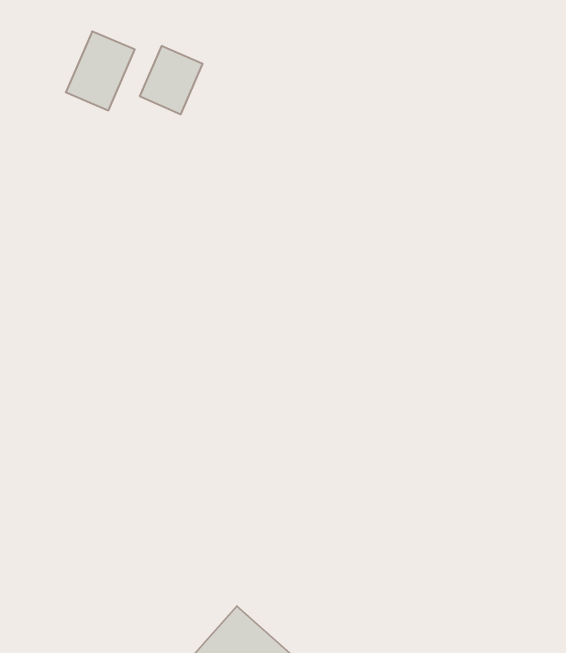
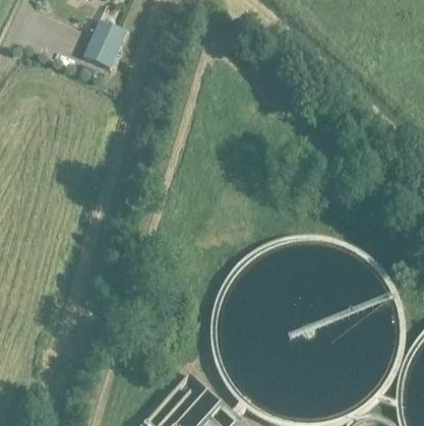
building: [140,46,203,114] -> none

